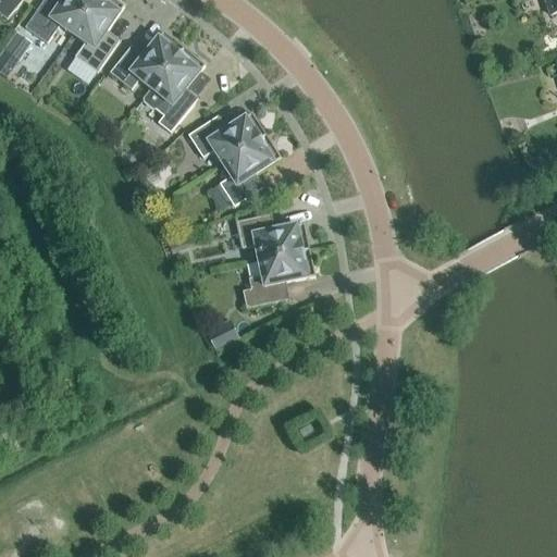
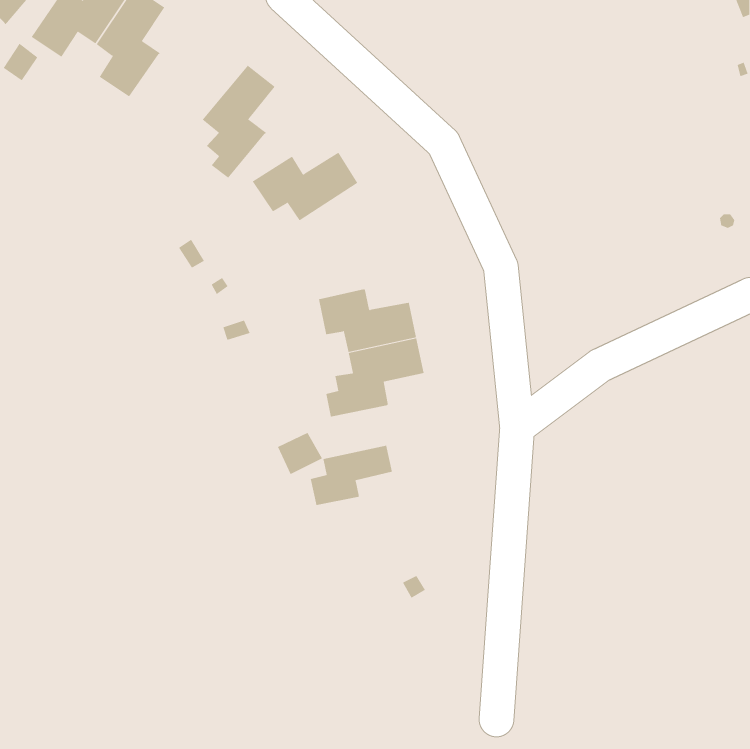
building: [108,30,183,89] -> none
building: [218,135,278,206] -> none
building: none -> [310,445,392,506]

